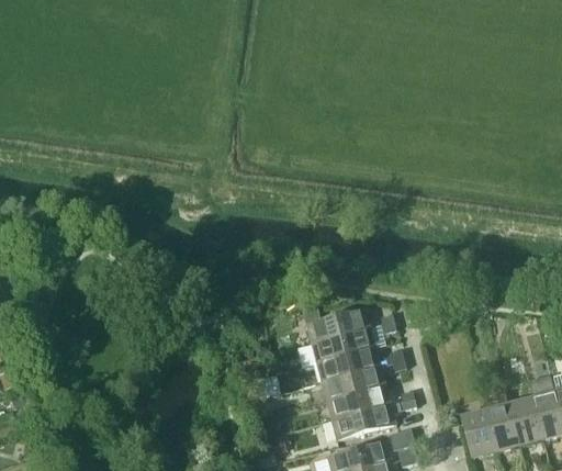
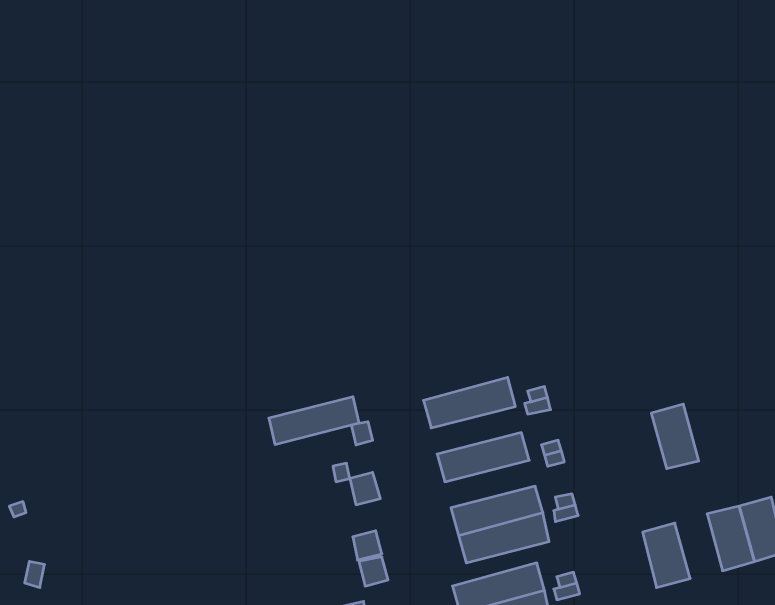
building: [310,326,374,360] -> [269,397,359,444]
building: [319,365,384,399] -> none
building: [484,403,518,449] -> [651,404,699,469]

